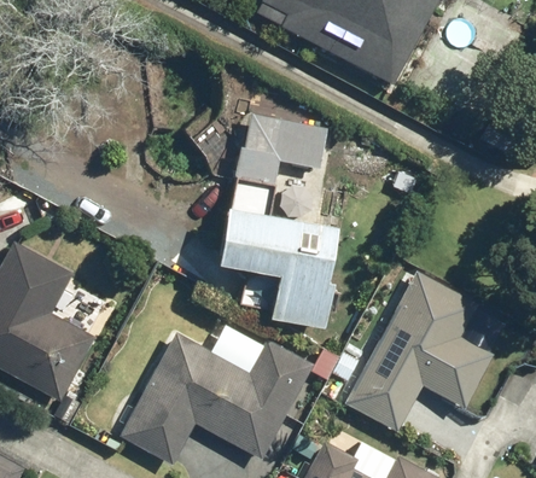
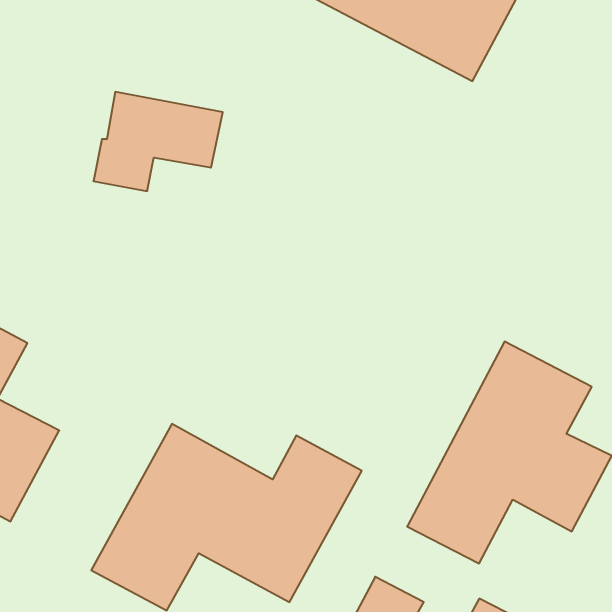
building: [234,113,327,185] -> [93,92,223,191]
building: [216,208,336,327] -> none

